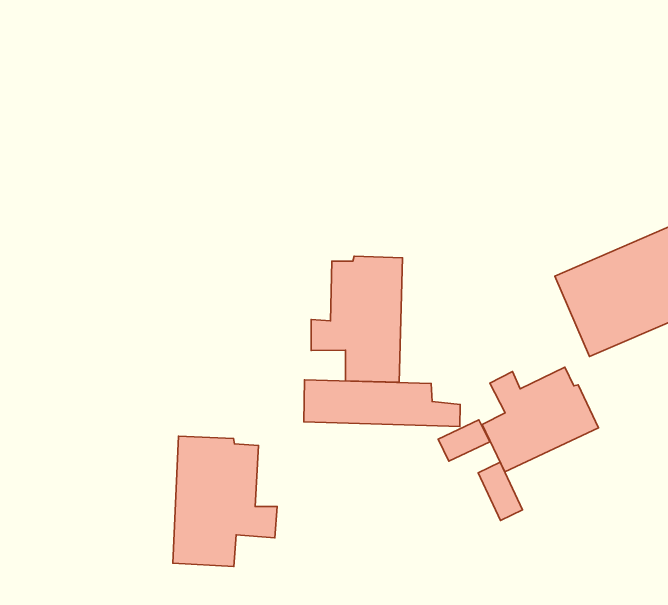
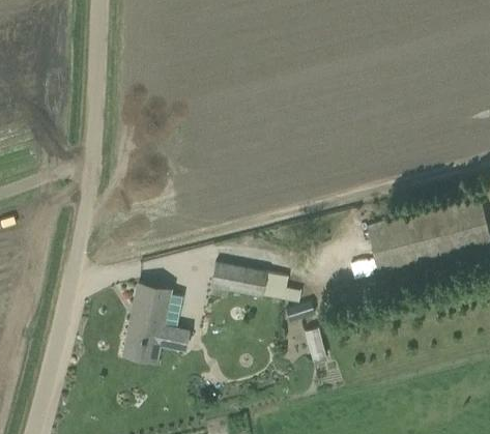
building: [311,256,403,382] -> none
building: [482,367,598,472] -> none

